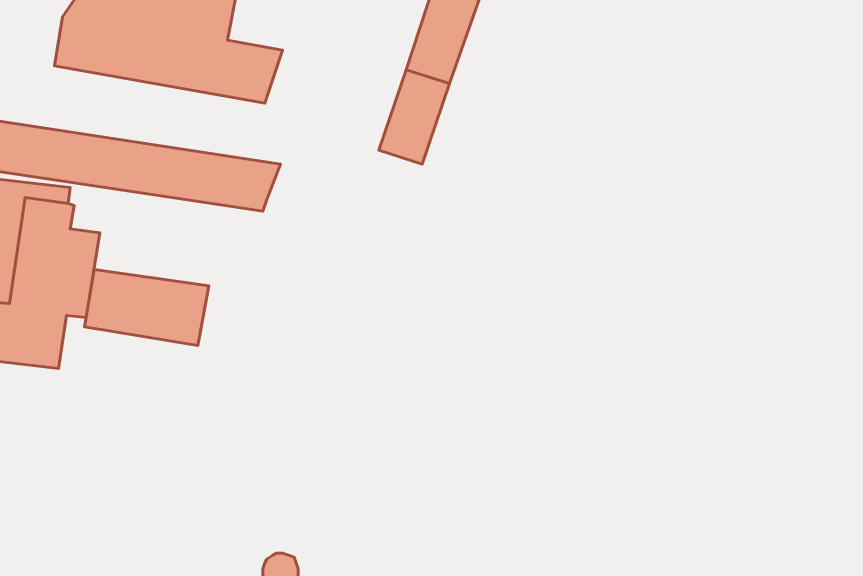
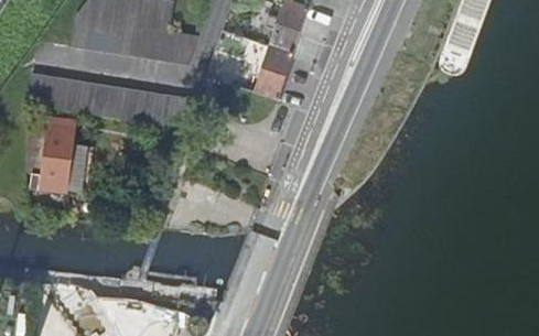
building: [84,270,209,345] -> none

